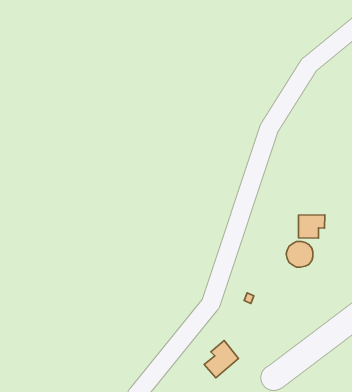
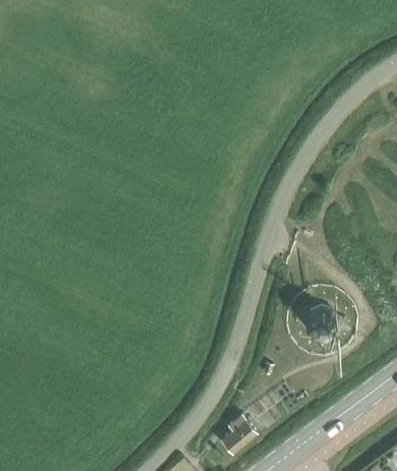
building: [299,215,325,238] -> none

